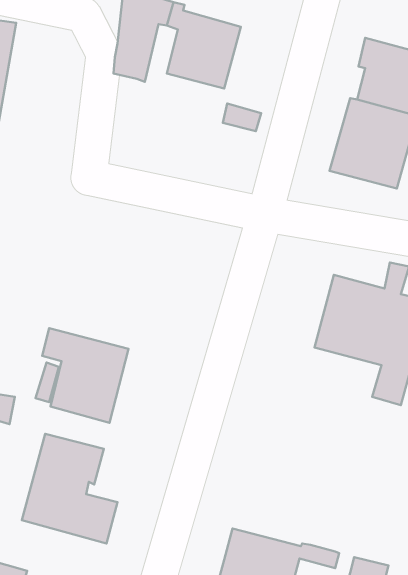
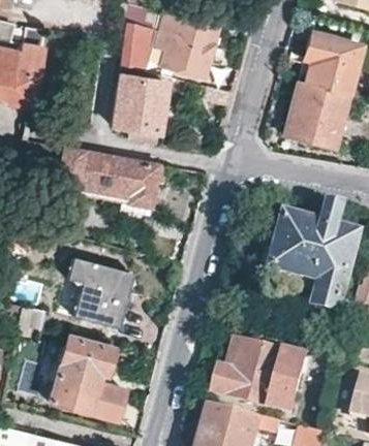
building: none -> [113,63,167,142]
building: none -> [58,145,166,205]
building: none -> [213,343,304,423]

